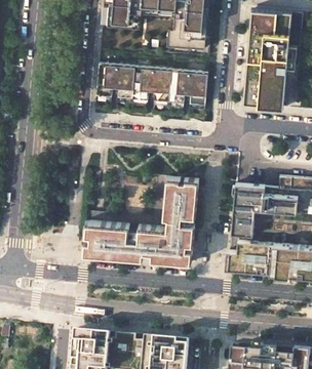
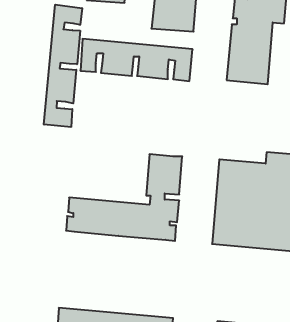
building: none -> [44,5,82,127]

